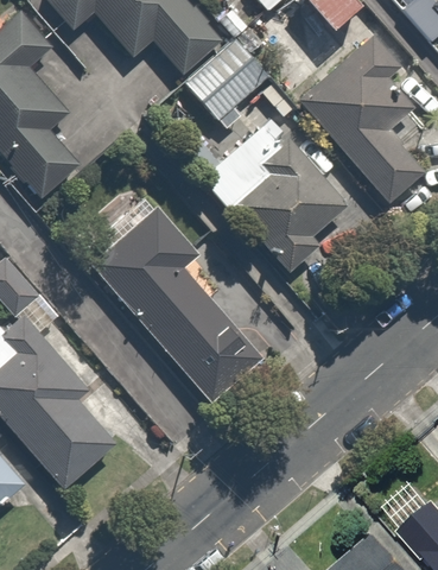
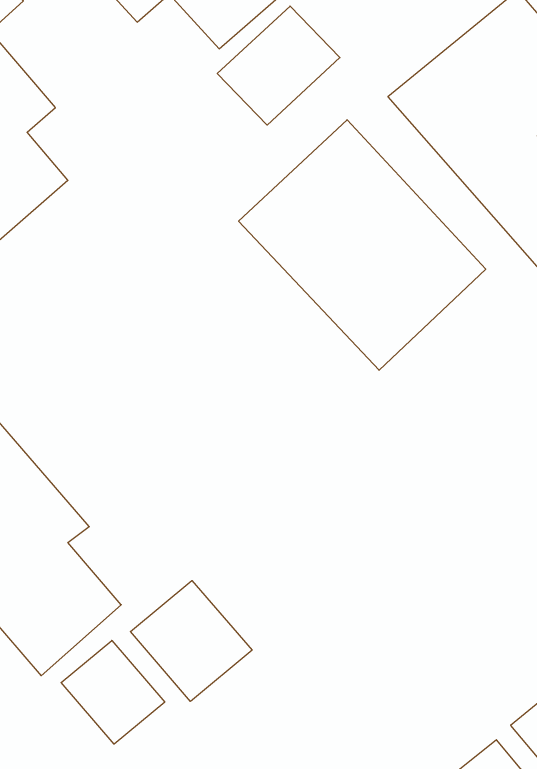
building: [88,208,271,404] -> none
building: none -> [130,581,252,701]
building: none -> [61,640,165,744]

